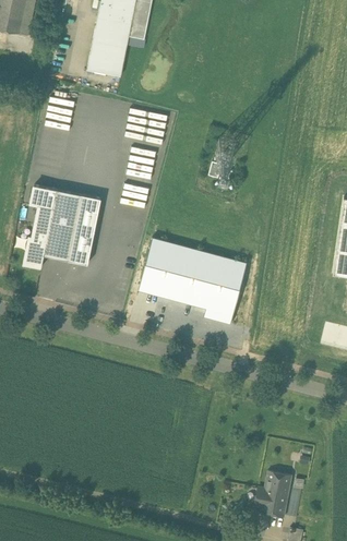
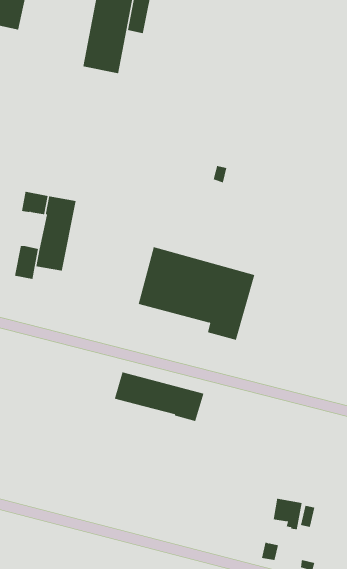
building: [69,194,100,264] -> none
building: [33,205,53,239] -> none
building: none -> [114,372,204,422]
building: [260,490,287,516] -> none

